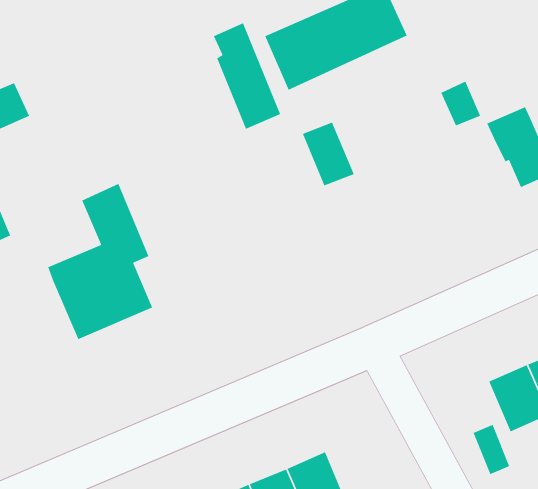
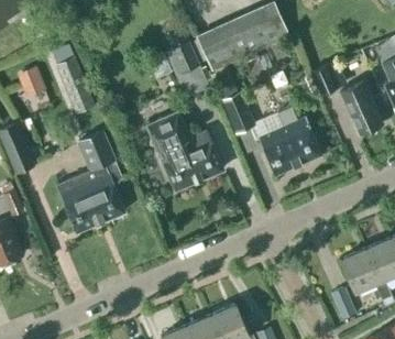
building: none -> [56,57,95,114]
building: none -> [146,111,223,189]
building: none -> [257,112,320,175]

